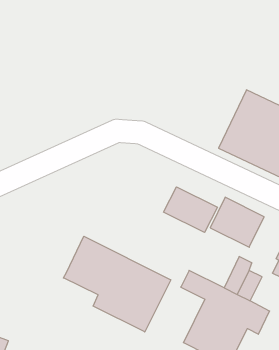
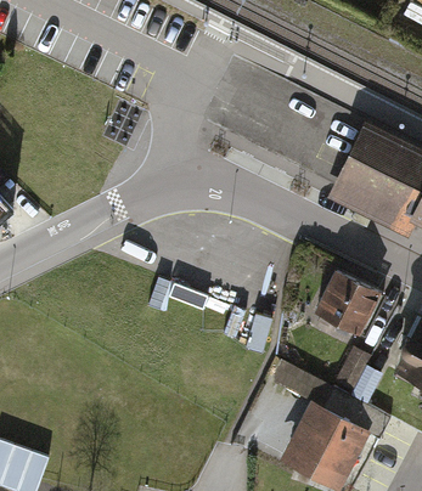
building: [164,187,217,232] -> none
building: [63,236,171,332] -> none

